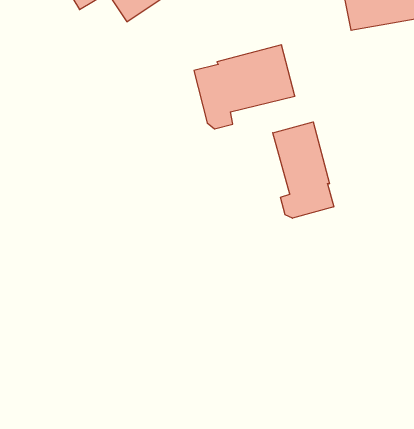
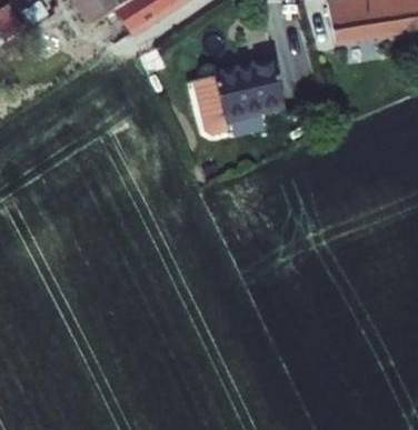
building: [273,122,334,218] -> none

